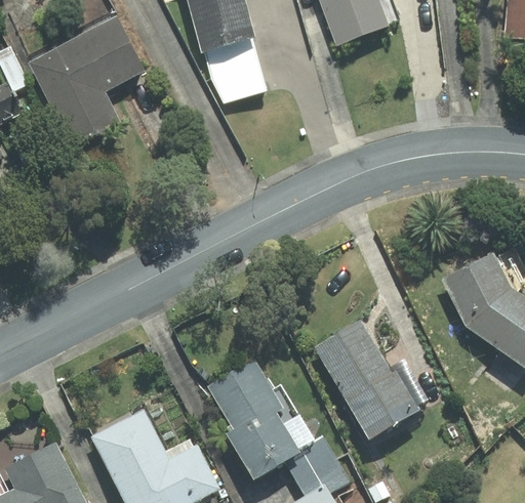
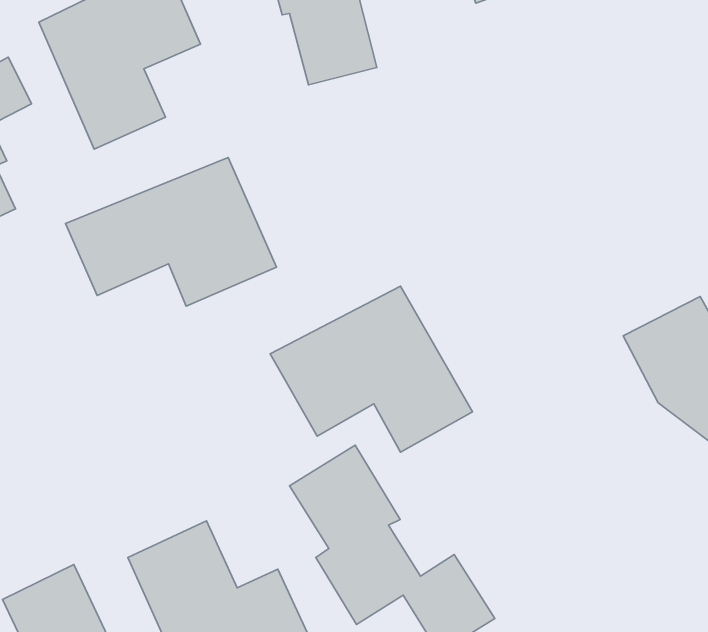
building: none -> [66,157,277,306]
building: none -> [270,286,472,452]
building: [315,320,420,439] -> none

